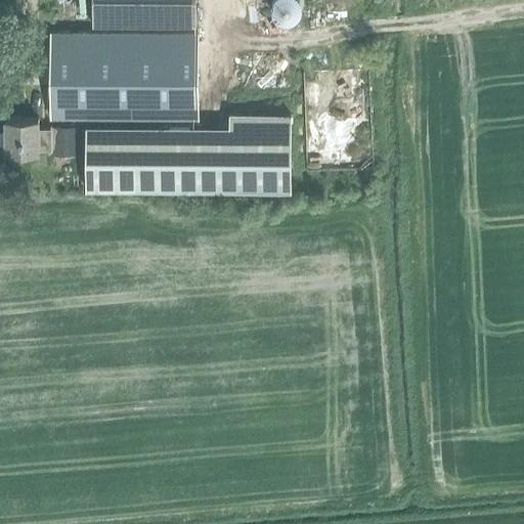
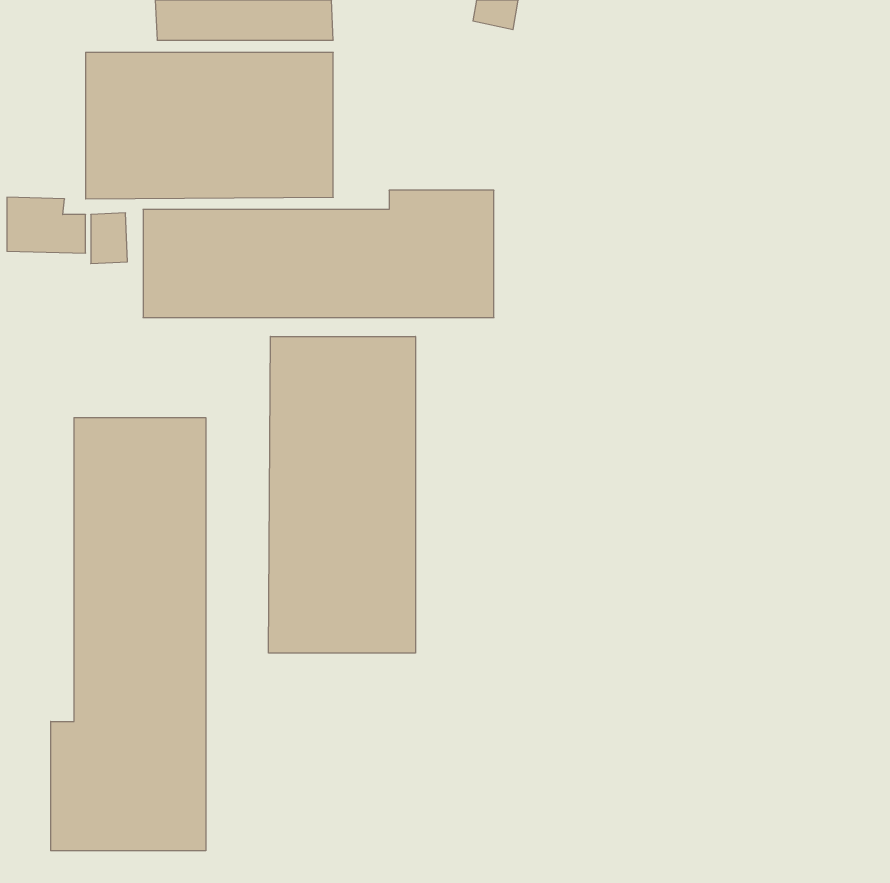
building: none -> [269,336,415,653]
building: none -> [51,418,206,851]

